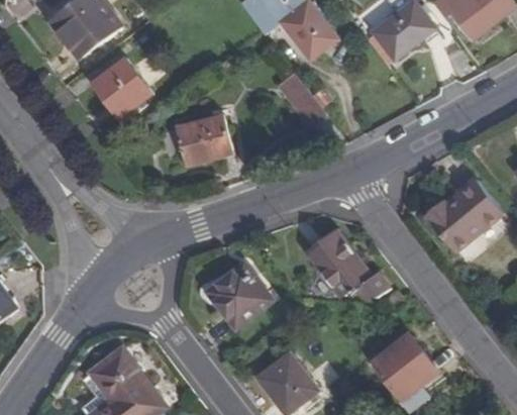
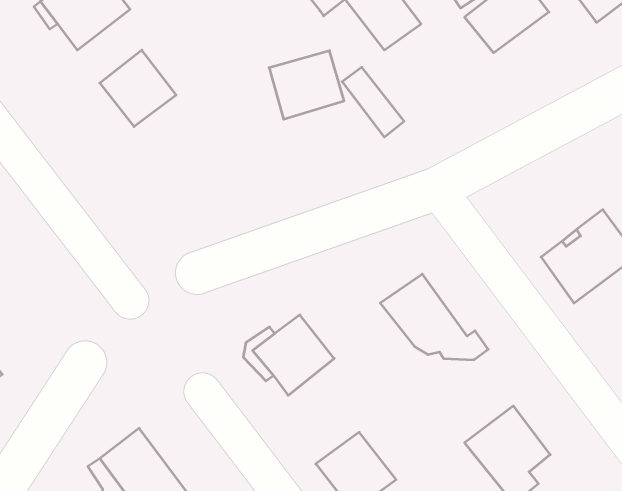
building: [175,113,232,166] -> [269,51,344,119]

